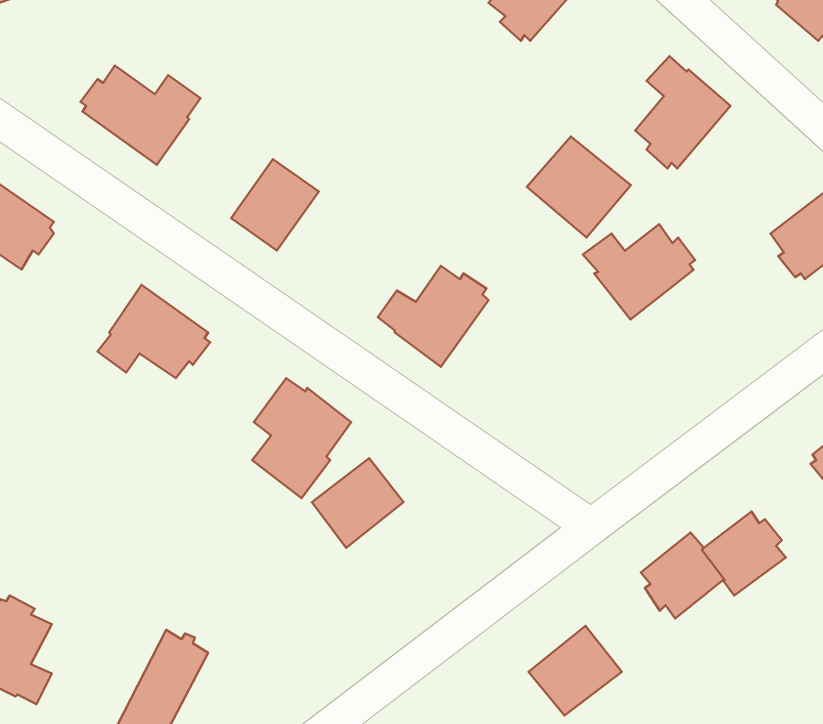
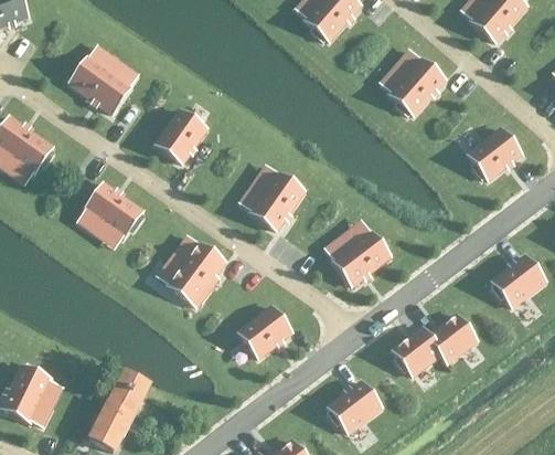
building: [527,137,631,238] -> none
building: [583,224,695,319] -> [325,230,391,285]
building: [312,458,403,548] -> [238,306,291,358]

